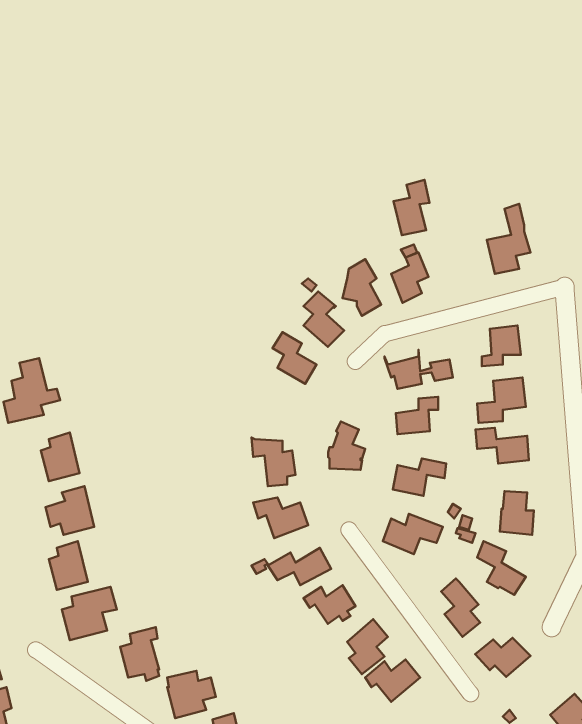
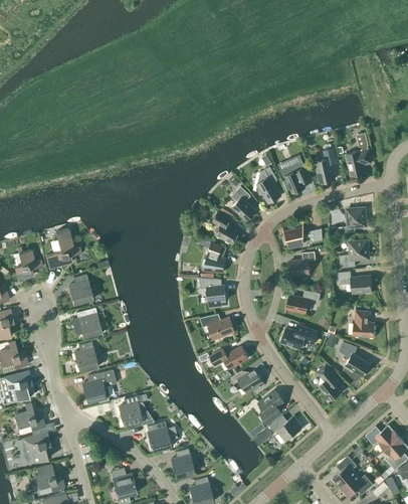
building: [394,180,429,235] -> [315,148,337,182]
building: [328,421,365,470] -> [203,241,226,272]
building: [475,638,530,677] -> [365,425,399,449]

